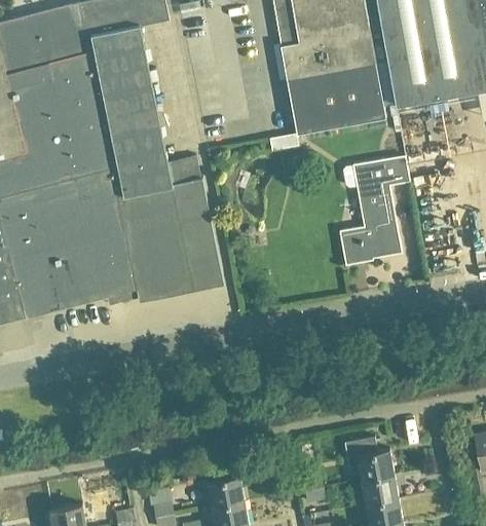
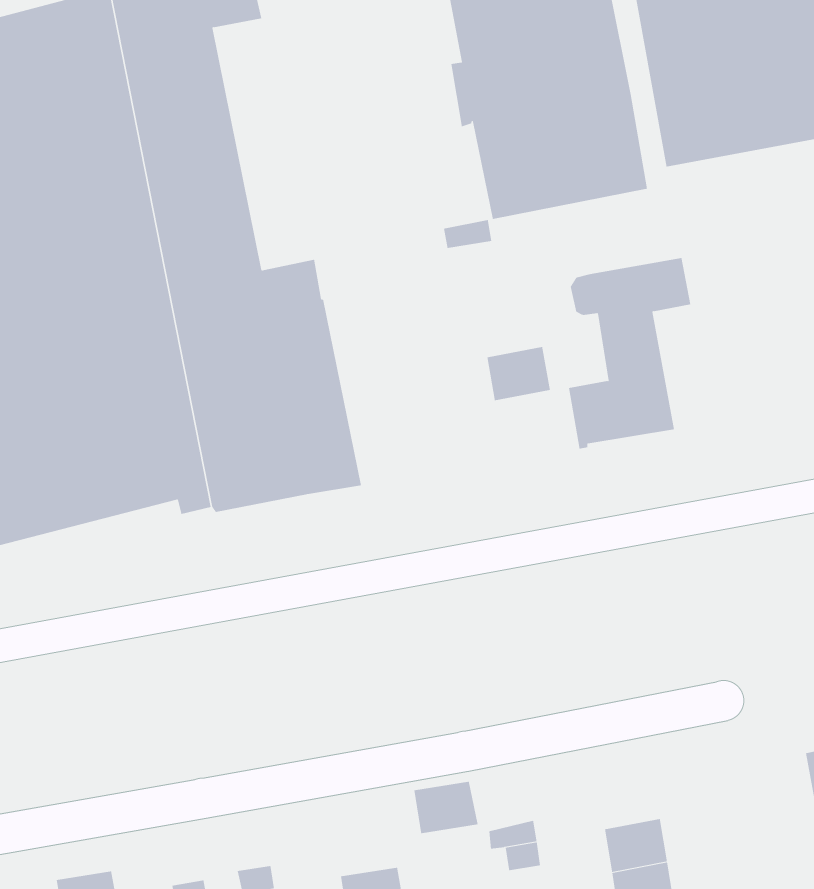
building: none -> [487,346,550,401]
building: [344,438,394,480] -> none
building: [208,477,245,506] -> [413,781,479,834]

